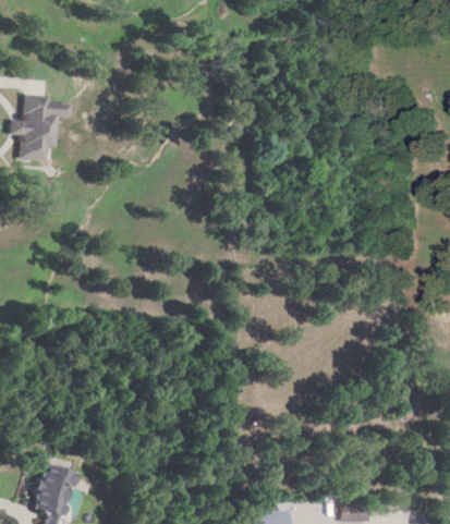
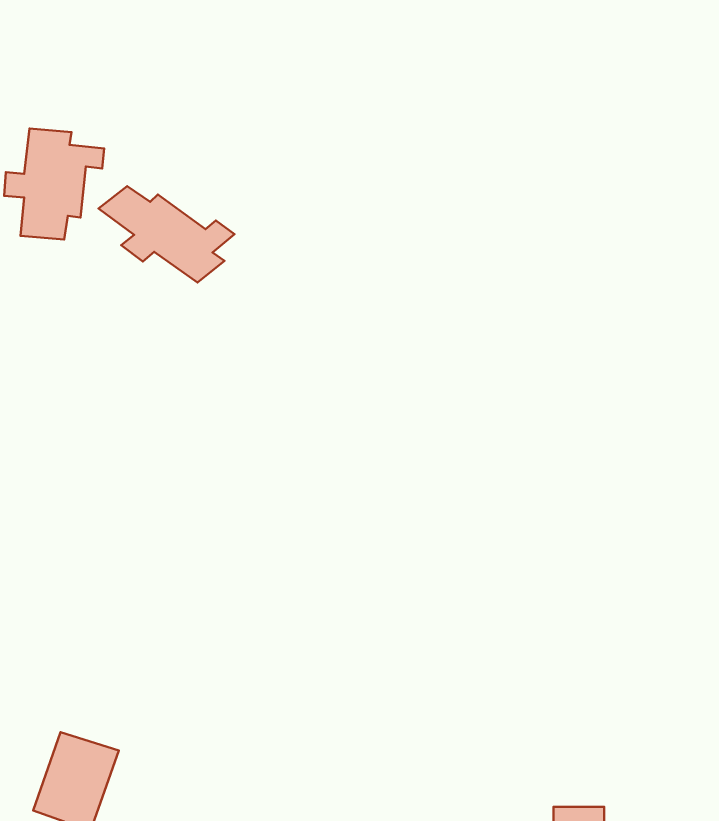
building: none -> [99,186,234,282]

